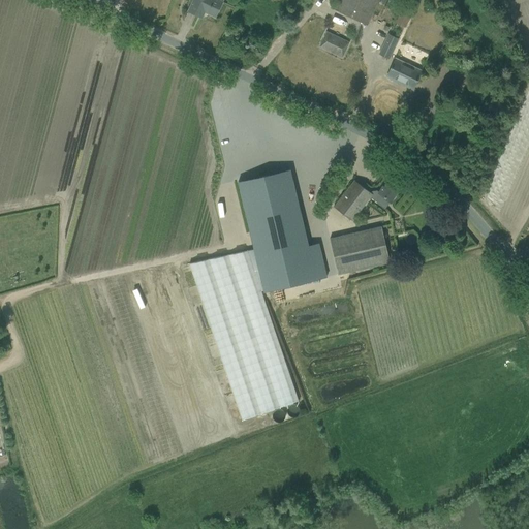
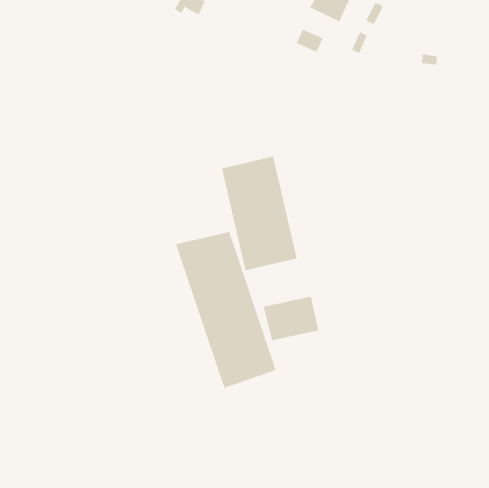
building: [386,59,421,88] -> none
building: [334,180,400,220] -> none
building: [329,225,390,274] -> [263,296,319,341]

